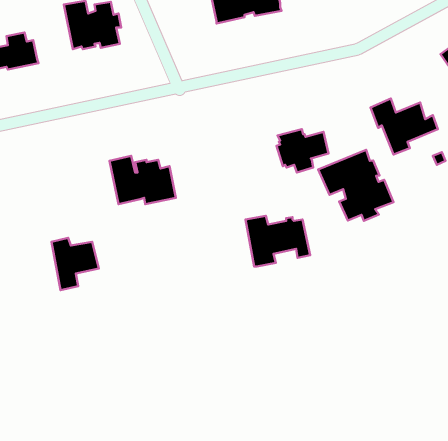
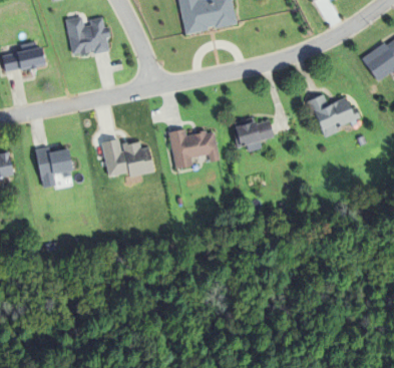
building: [318,150,393,221] -> none
building: [245,216,310,267] -> [168,128,220,168]
building: [52,238,99,290] -> [35,146,72,188]

